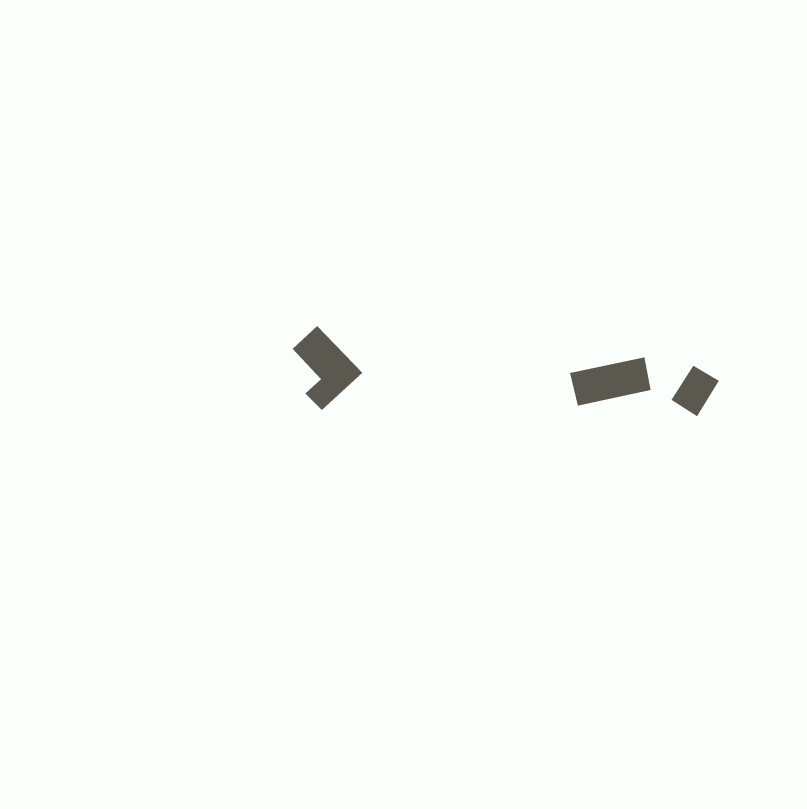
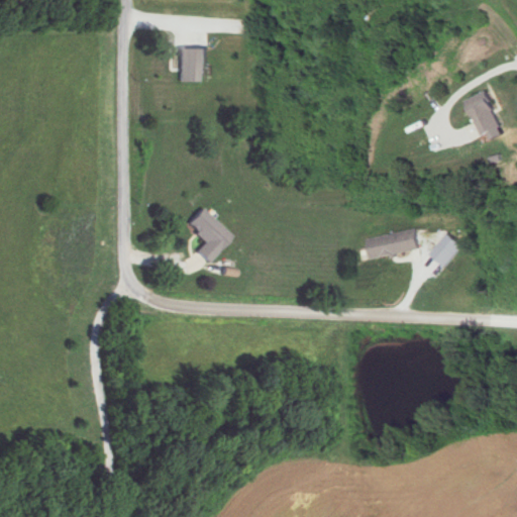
building: none -> [180,48,202,82]
building: none -> [467,92,502,135]

